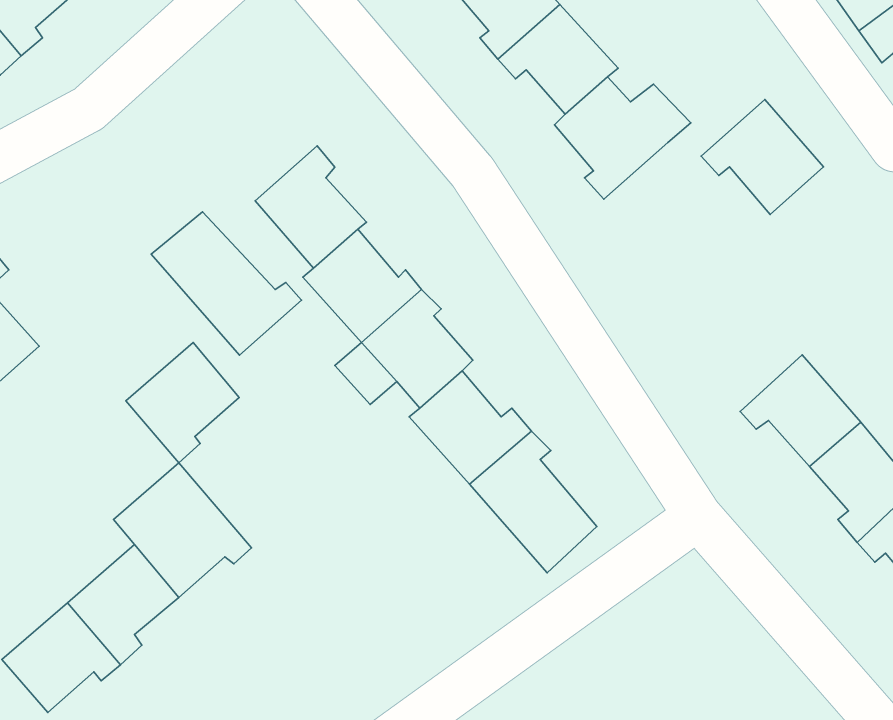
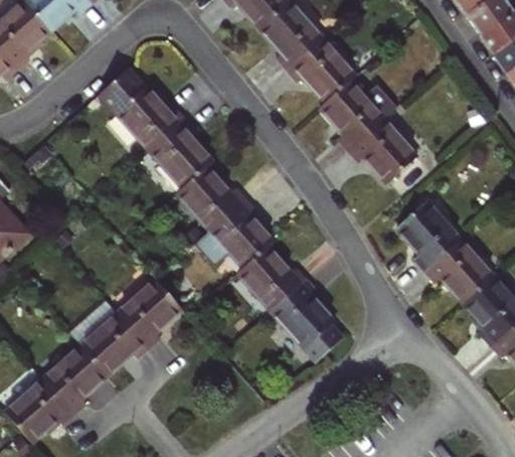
building: [701,99,823,214] -> [348,117,417,182]
building: [151,212,302,355] -> [100,68,185,150]
building: none -> [399,200,461,270]
building: [126,343,239,463] -> [118,279,182,347]

